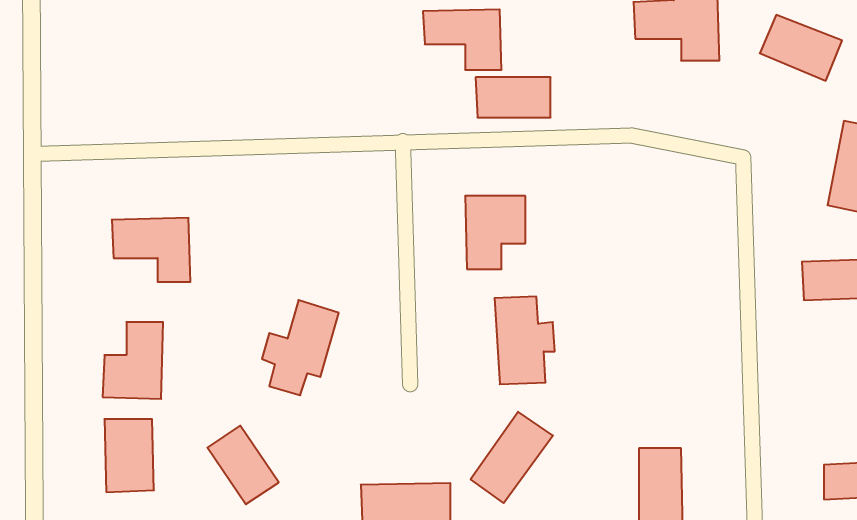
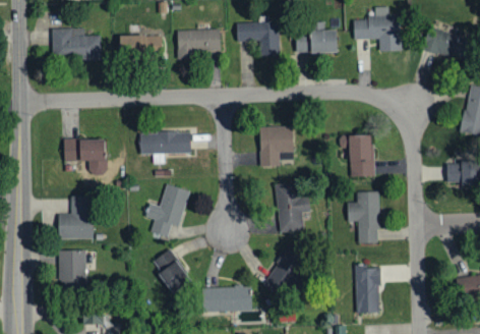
building: none -> [52,29,101,60]
building: none -> [177,30,221,54]
building: none -> [120,35,163,56]
building: [476,77,551,117] -> [295,31,337,53]
building: none -> [139,131,191,164]
building: none -> [340,135,373,177]
building: none -> [347,191,379,243]
building: [207,426,279,504] -> [152,249,191,293]

